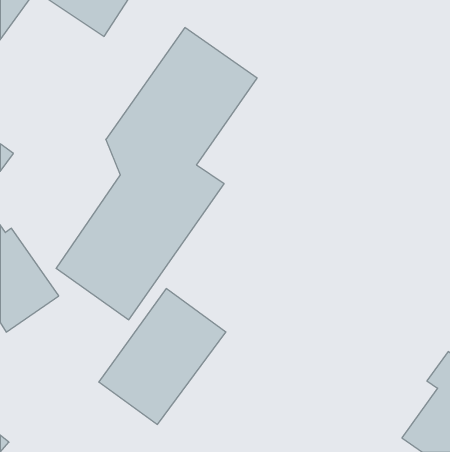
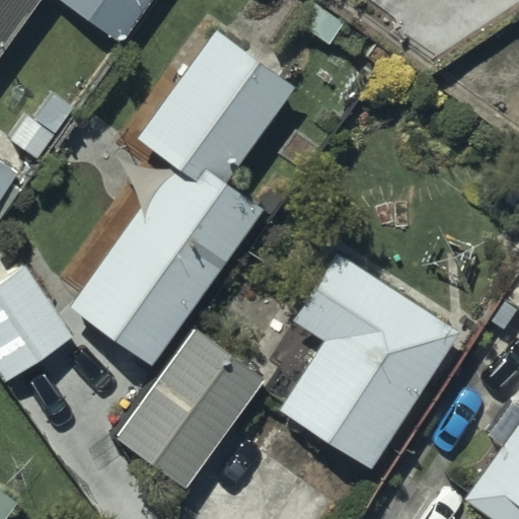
building: none -> [278,253,459,470]

